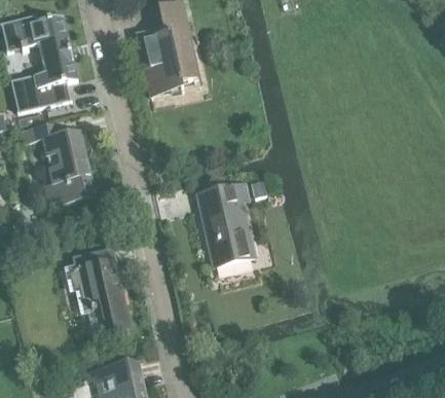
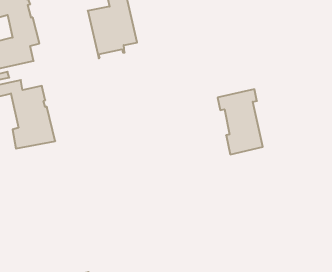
building: [197,184,253,264] -> [218,89,263,154]
building: [68,248,131,331] -> none

